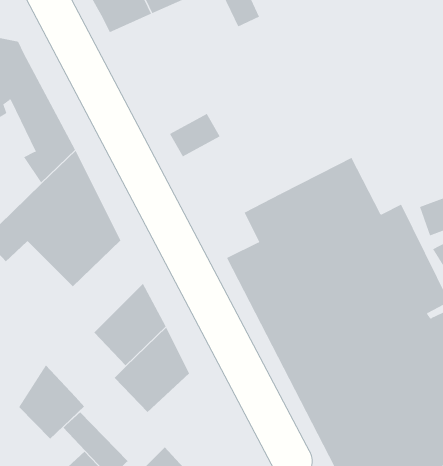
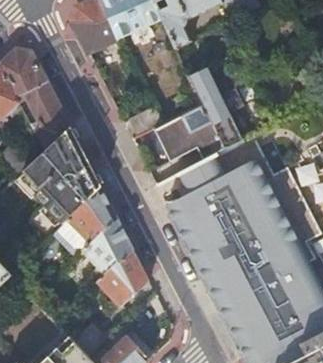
building: none -> [156,63,247,161]
building: none -> [64,192,112,247]
building: [18,365,85,439] -> none

